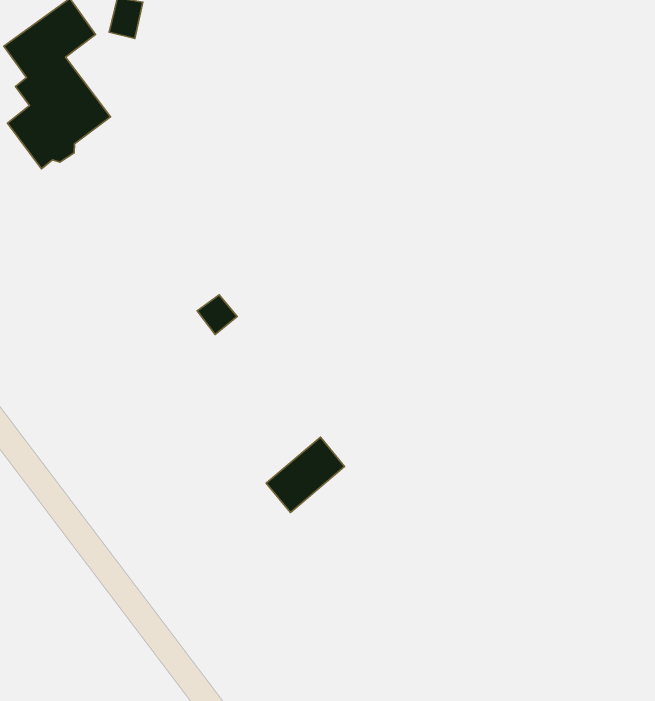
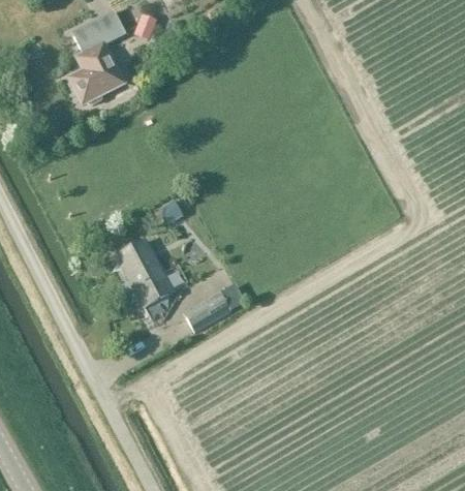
building: none -> [118,240,175,307]

